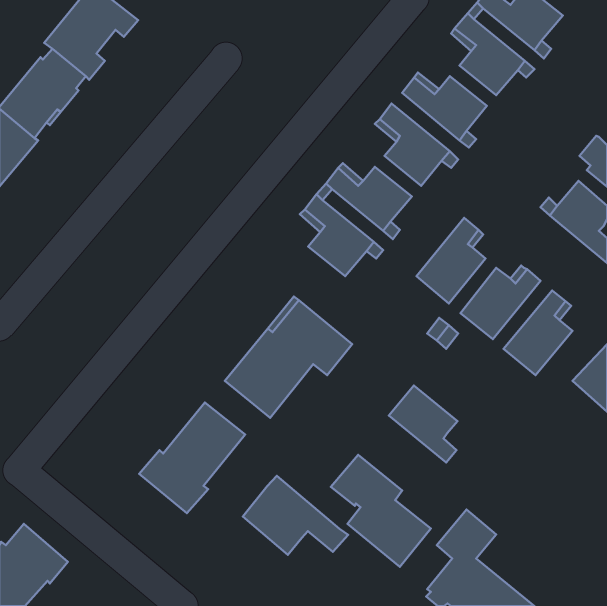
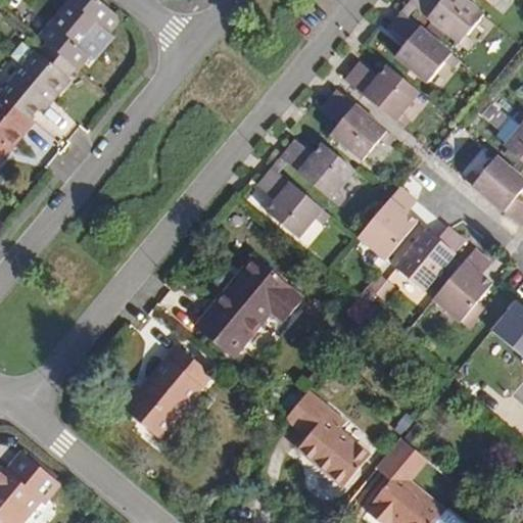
building: [389,386,457,462] -> none
building: [243,476,348,555] -> none

